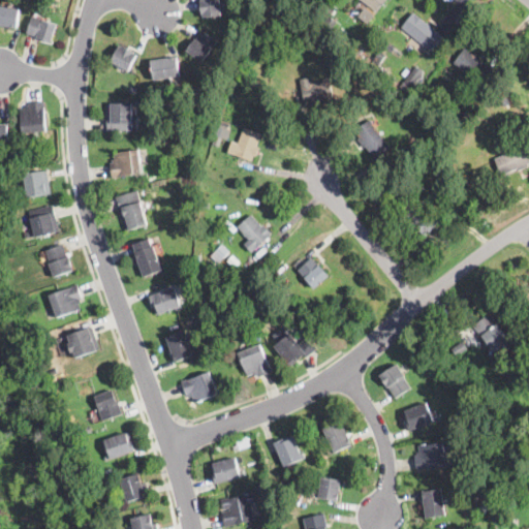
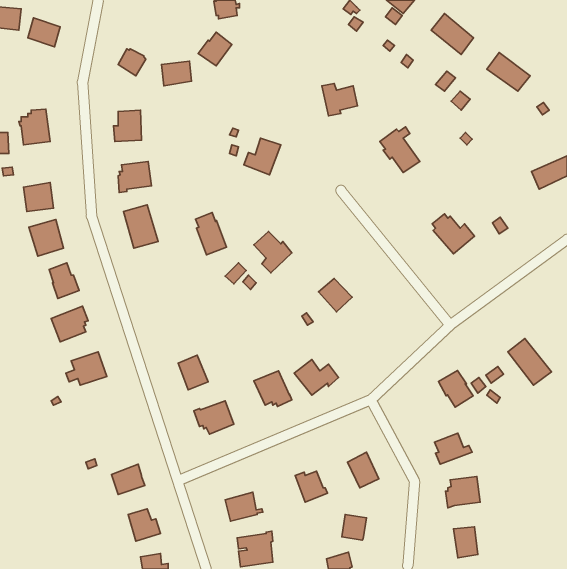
building: [132,238,161,277] -> [195,213,227,255]
building: [148,287,180,314] -> none
building: [378,364,410,398] -> [438,370,473,407]
building: [93,390,122,421] -> none

